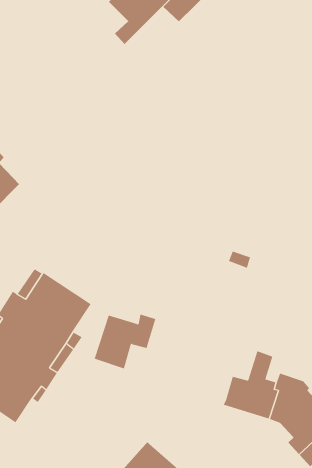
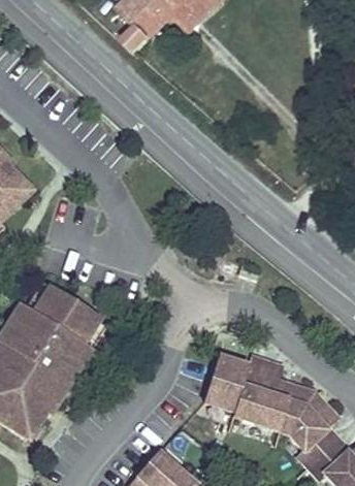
building: [94,314,156,369] -> [204,356,267,412]

